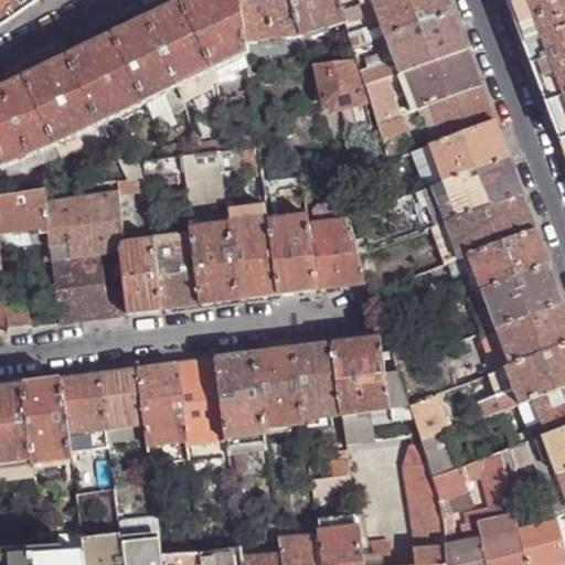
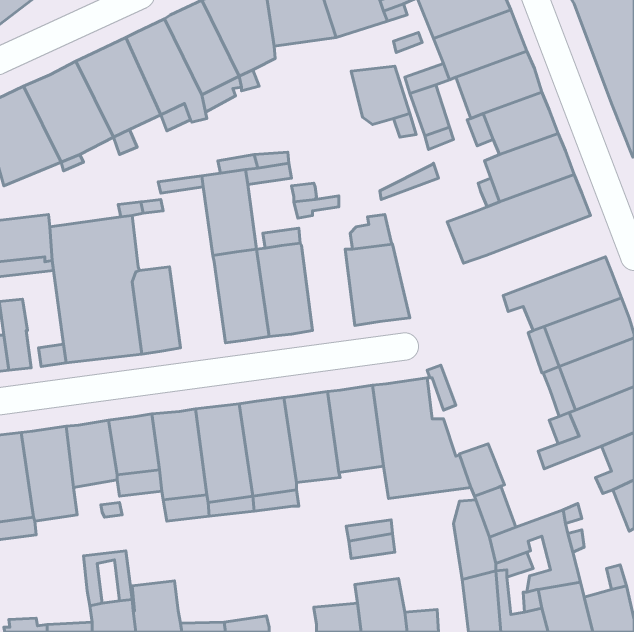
building: [430,191,536,263] -> none
building: [267,213,315,292] -> none
building: [150,232,200,308] -> none

